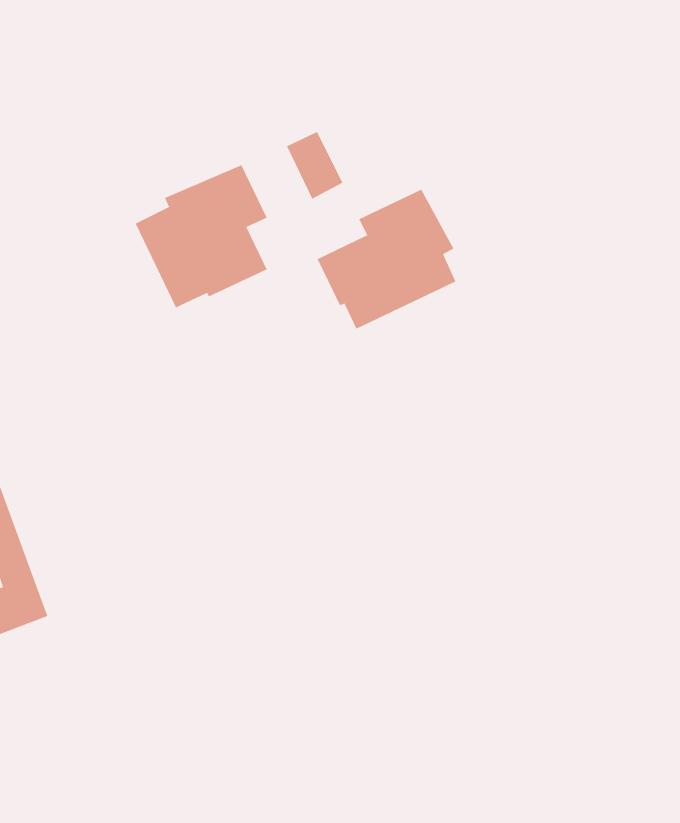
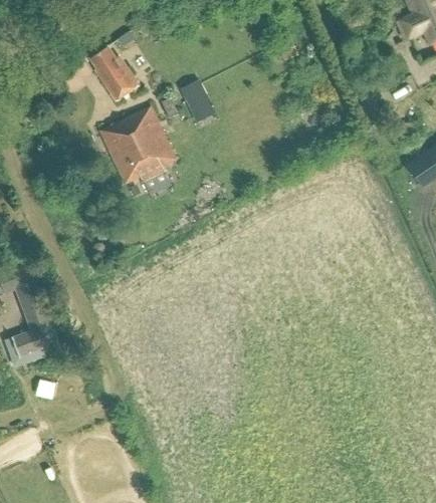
building: none -> [91,50,139,103]
building: [317,189,456,330] -> none

